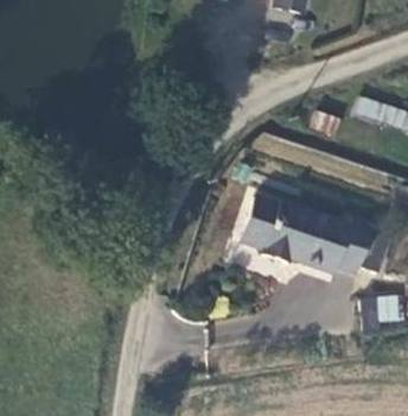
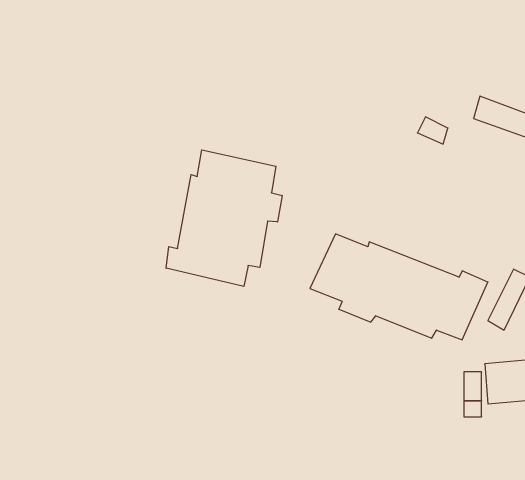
building: none -> [166,150,282,286]

